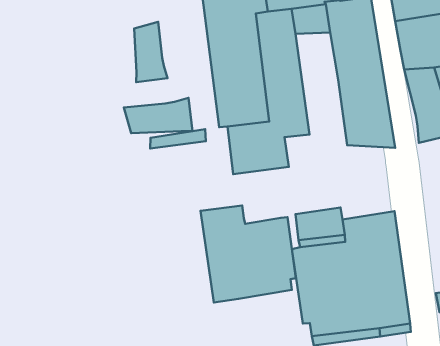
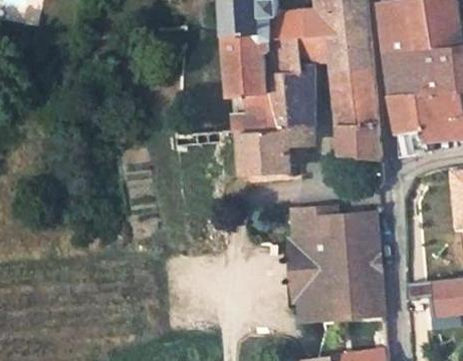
building: [134,22,168,82] -> none
building: [124,98,192,133] -> none
building: [201,206,296,302] -> none

